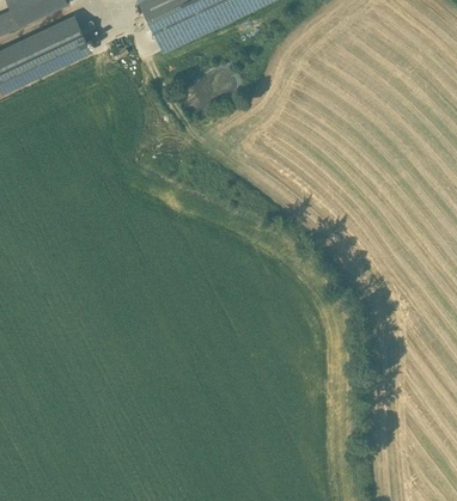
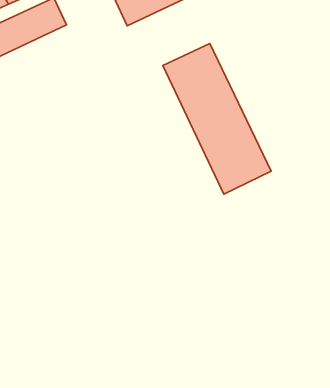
building: none -> [163,43,271,194]

